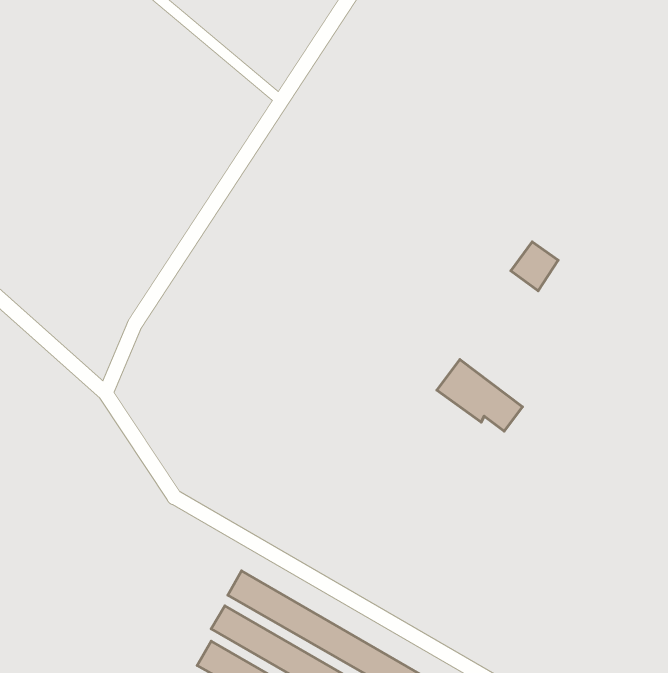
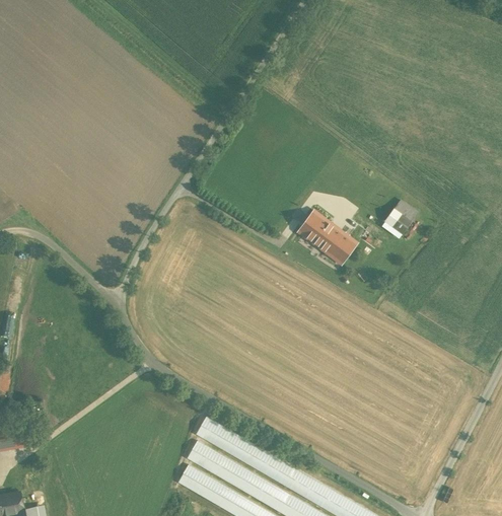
building: [437,359,523,431] -> [298,212,355,260]

